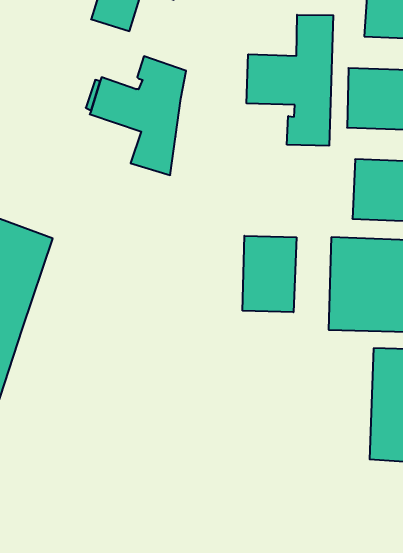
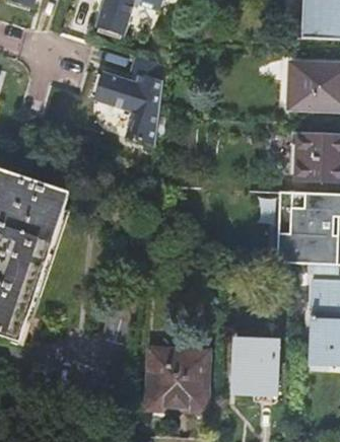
building: [247,15,333,146] -> none
building: [243,236,296,312] -> none
building: none -> [232,342,278,394]
building: none -> [148,352,205,409]

